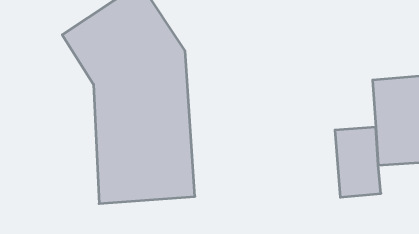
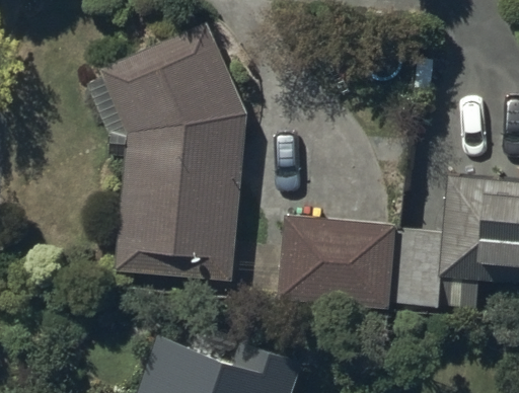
building: none -> [281,219,397,304]

